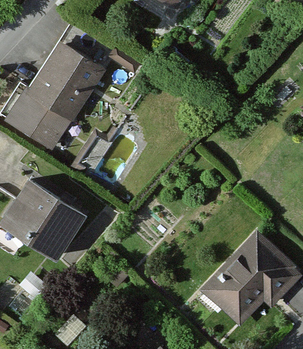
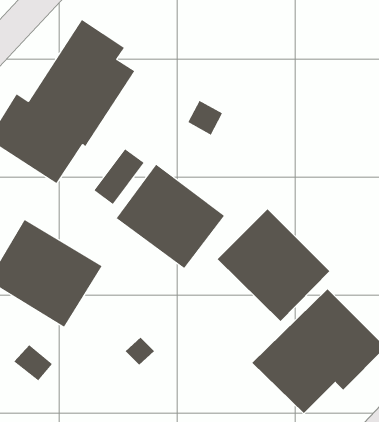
building: none -> [116,164,225,269]
building: none -> [217,208,330,322]

